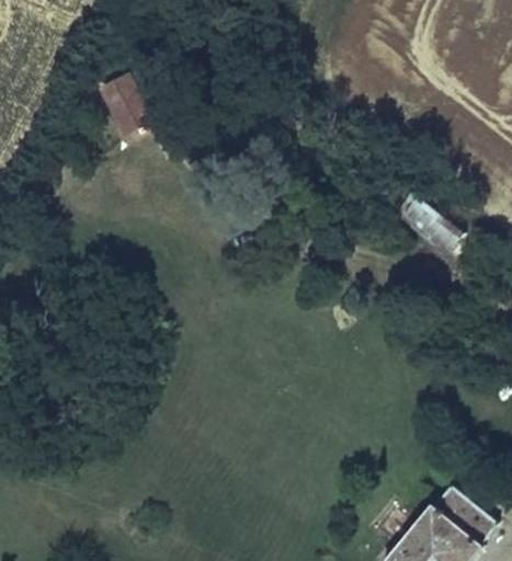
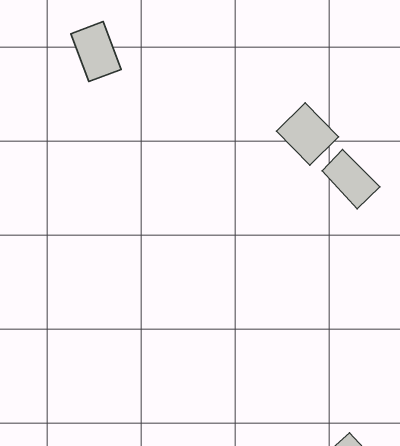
building: none -> [276,103,338,165]

